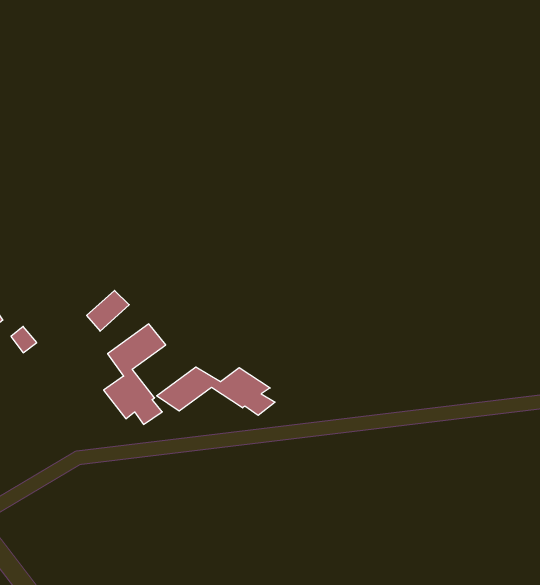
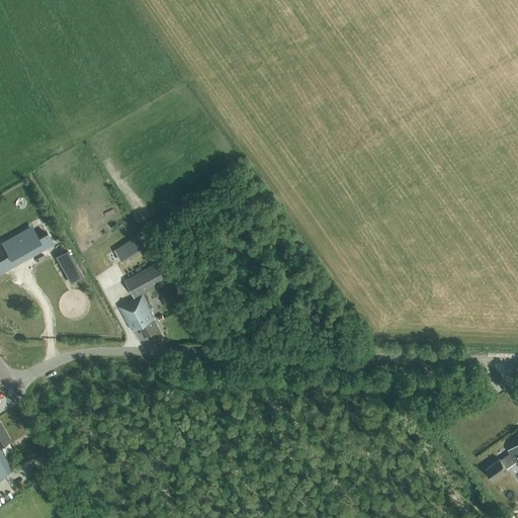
building: [157,367,275,415] -> none

